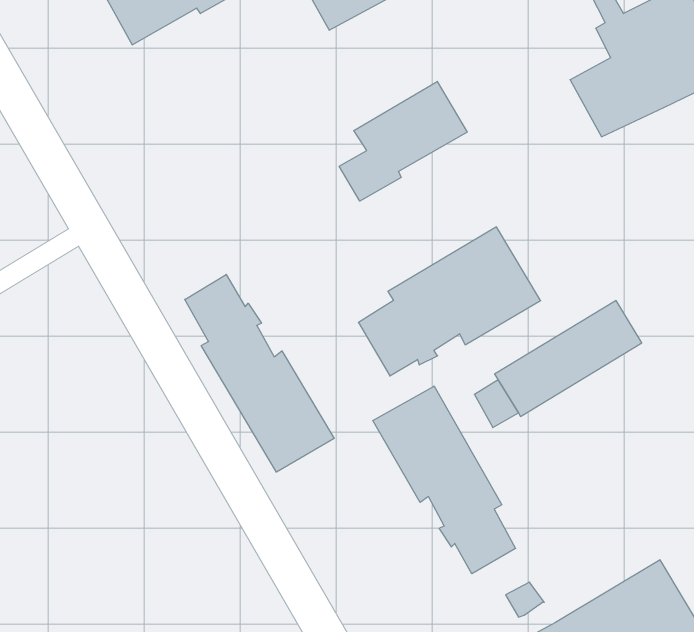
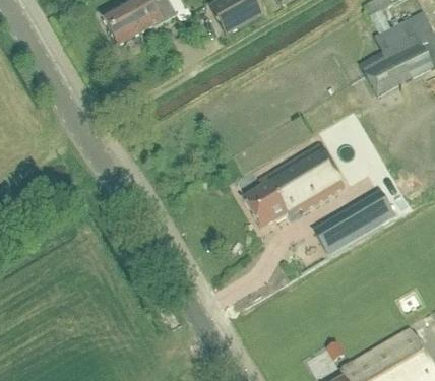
building: [339,81,467,201] -> none
building: [185,274,334,472] -> none
building: [373,386,516,574] -> none

